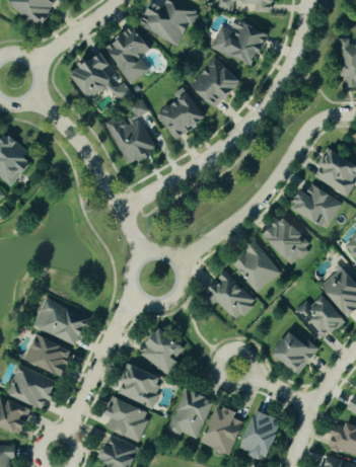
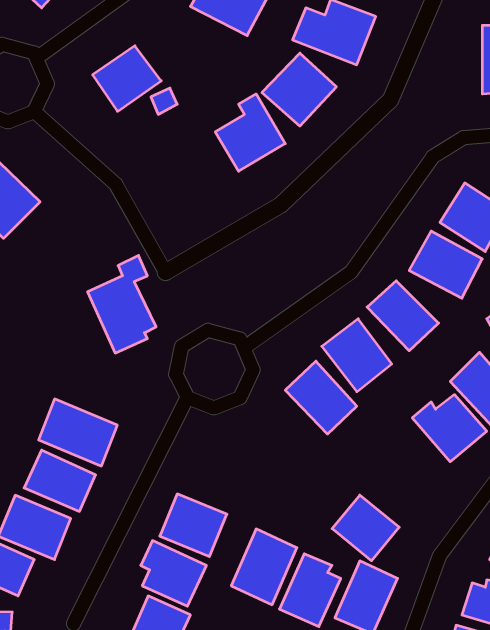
building: [104,26,150,84] -> none
building: [106,98,154,166] -> [88,255,156,353]
building: [140,328,184,377] -> none
building: [271,329,317,375] -> [332,495,399,561]

